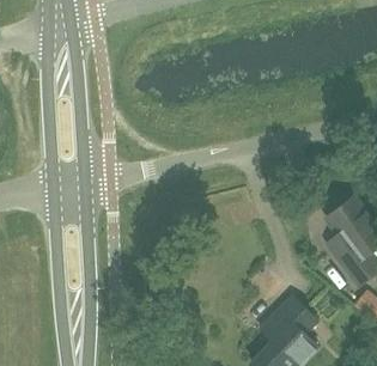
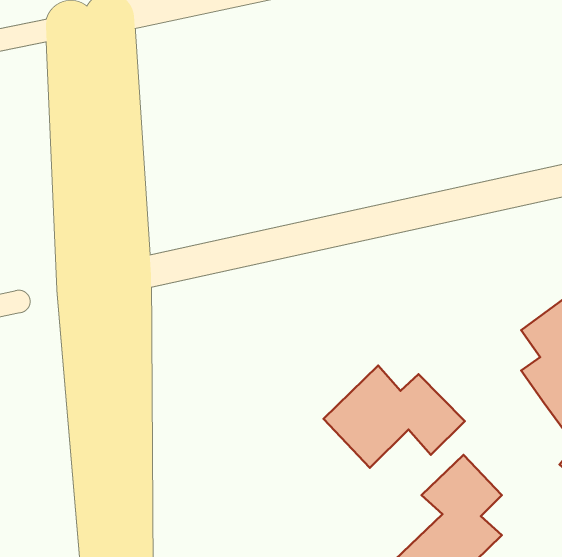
building: none -> [323,366,465,468]

